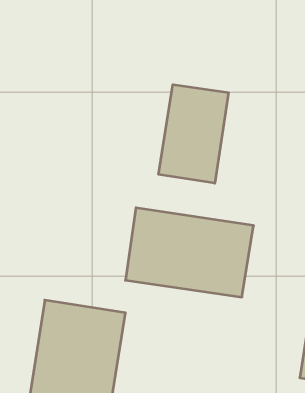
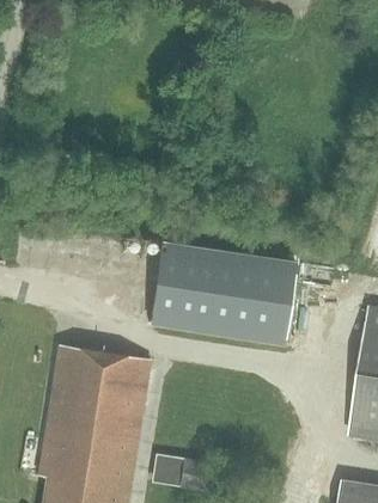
building: [159,85,228,183] -> none

